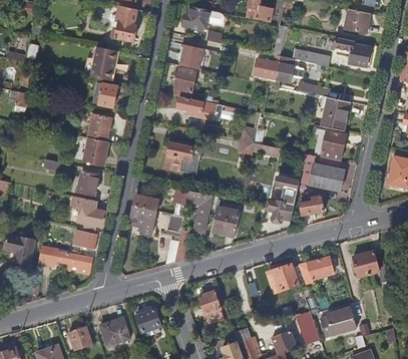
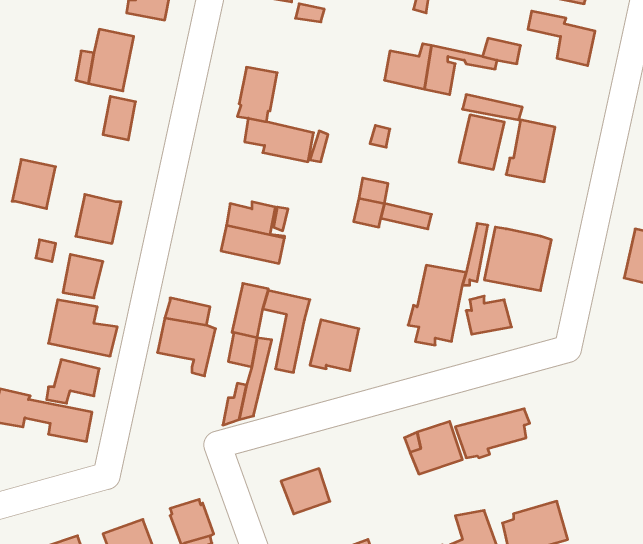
building: [179,44,203,69] -> none
building: [87,114,111,141] -> [12,159,56,209]
building: [322,130,347,160] -> [459,115,504,169]
building: [352,250,385,281] -> none

